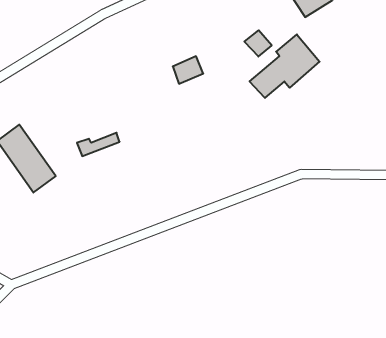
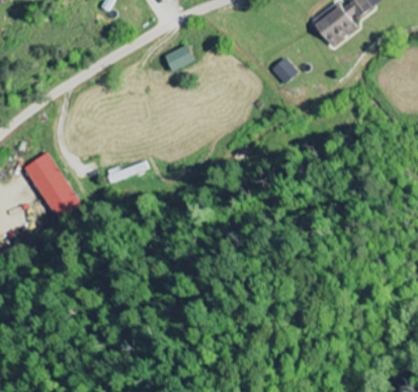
building: [250,34,320,98] -> none
building: [173,56,203,84] -> [167,44,197,71]

